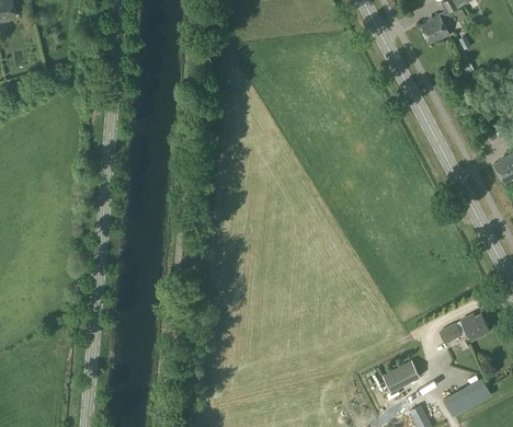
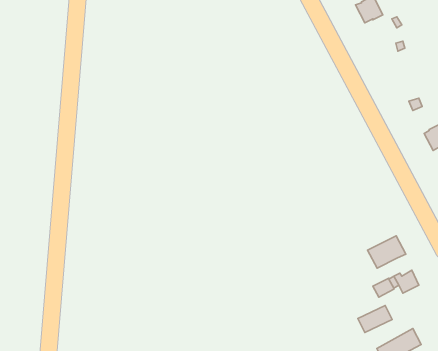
building: none -> [368,236,406,268]
building: [383,362,420,392] -> [358,305,392,333]

